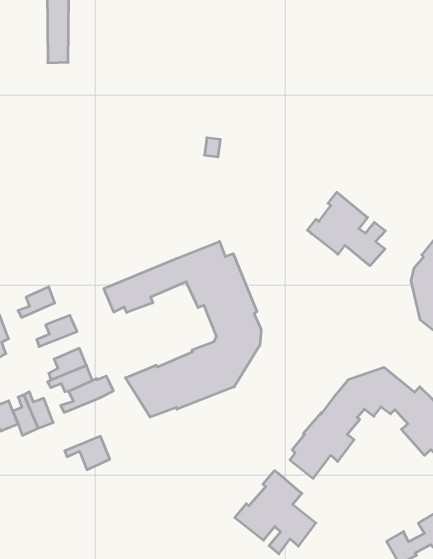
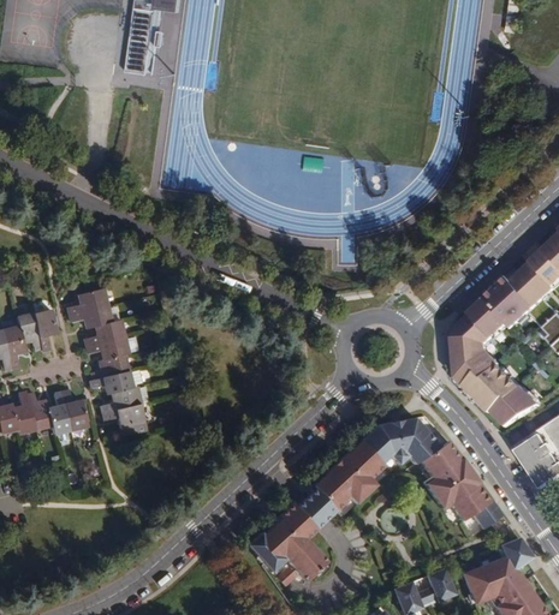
building: [307,192,385,266] -> none
building: [104,241,261,417] -> none
building: none -> [64,305,112,329]
building: none -> [77,336,130,360]
building: [65,436,110,470] -> [93,406,136,437]
building: none -> [296,494,329,527]

